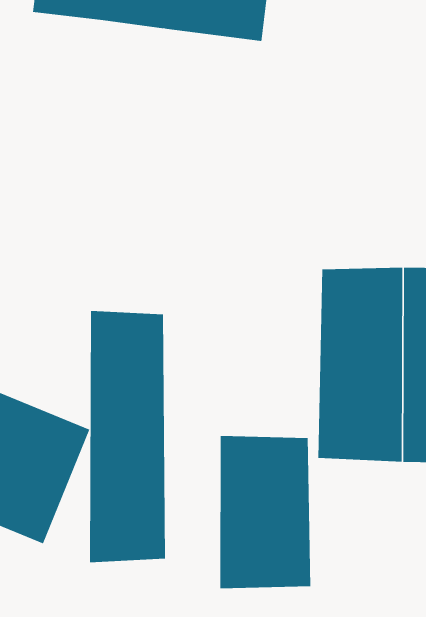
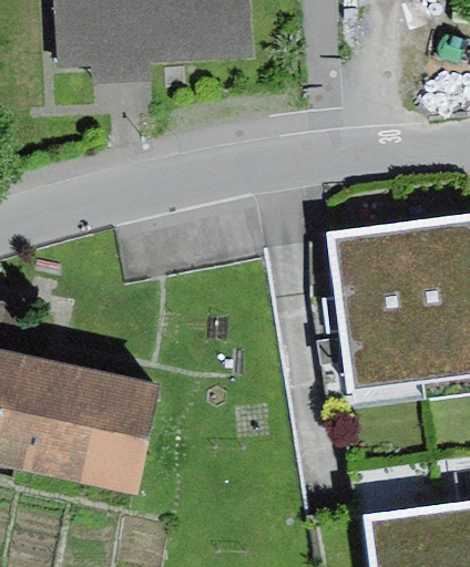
building: [90,310,165,563] -> none
building: [220,435,311,589] -> none

